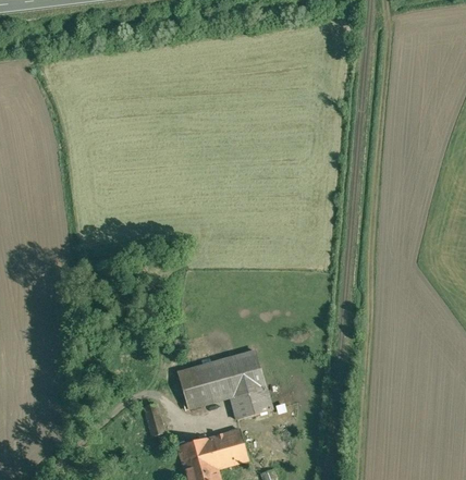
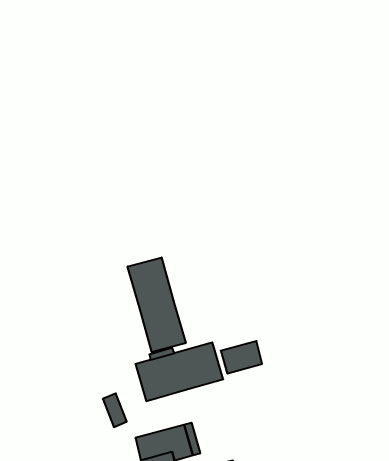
building: none -> [128,257,186,352]
building: [230,387,271,420] -> [221,341,262,374]

